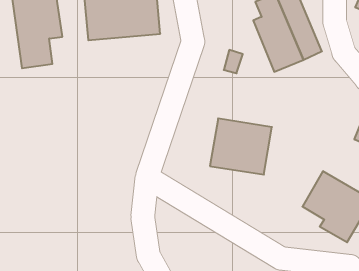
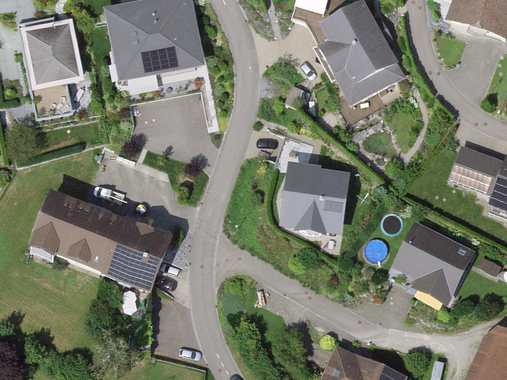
building: none -> [31,193,173,294]

